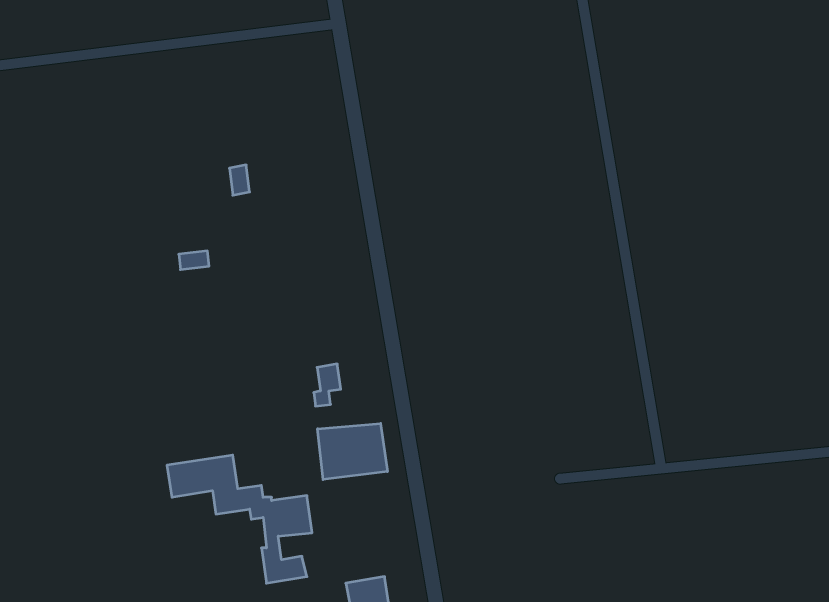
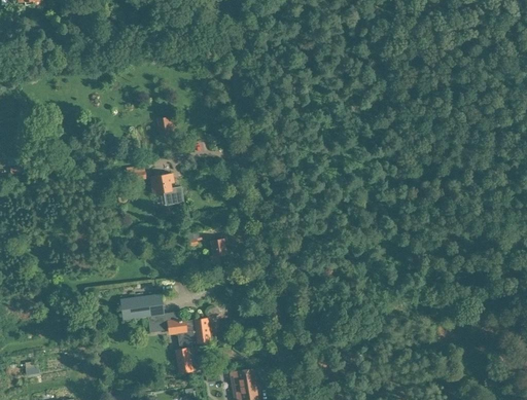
building: none -> [150,173,183,205]
building: [318,423,387,480] -> none

